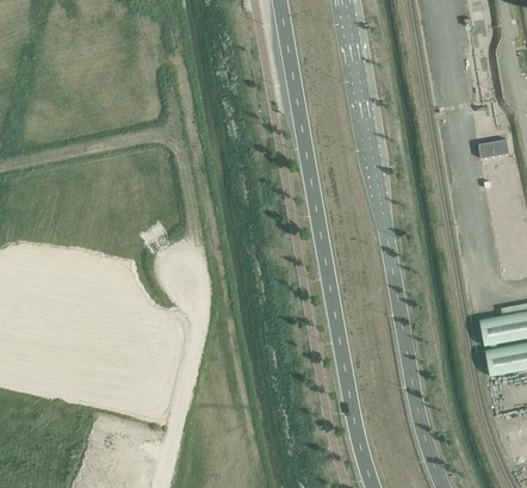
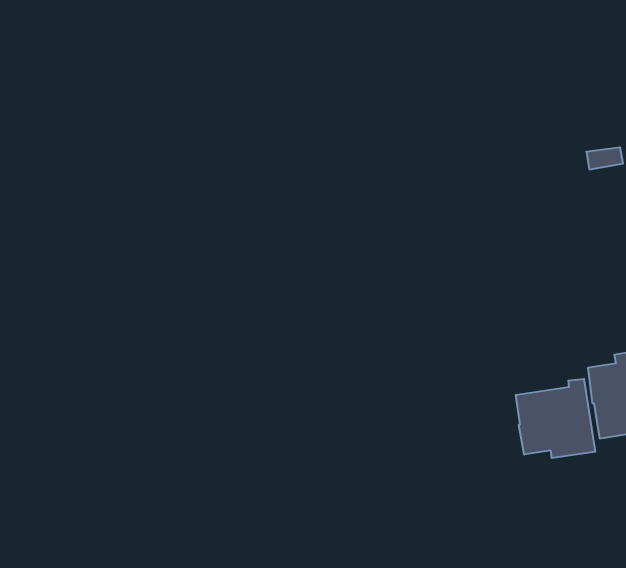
building: none -> [516,379,595,458]

